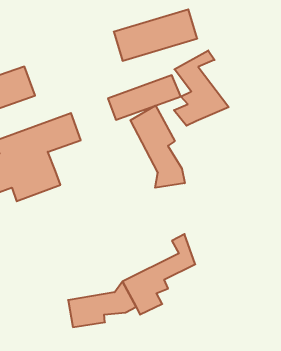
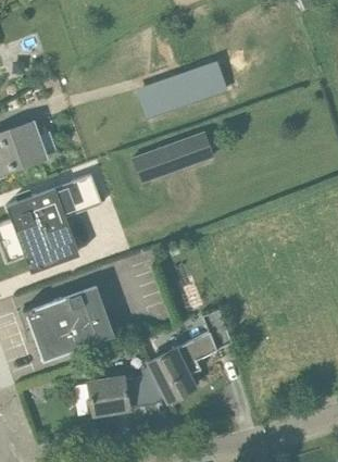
building: [174,50,229,126] -> none
building: [130,106,185,188] -> none
building: none -> [23,287,114,361]

